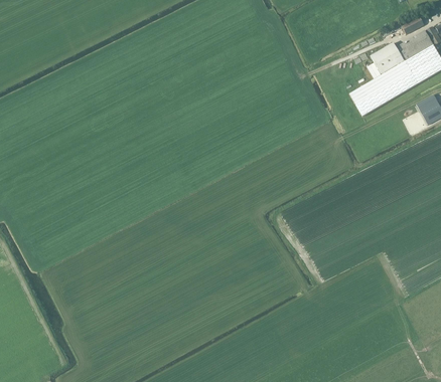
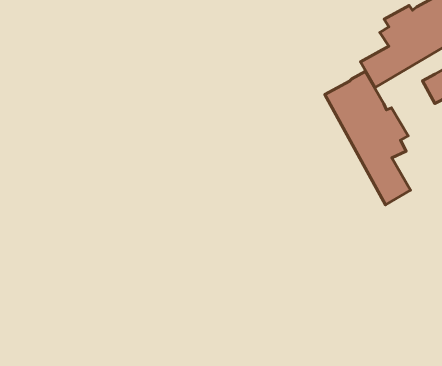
building: none -> [325,71,411,205]

